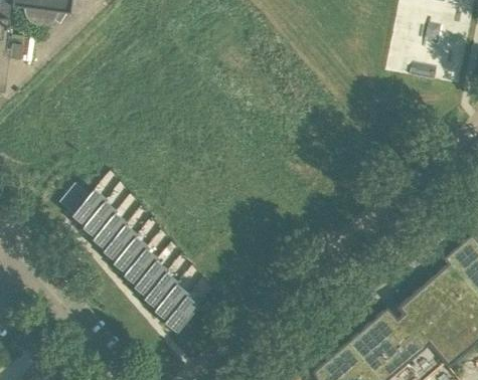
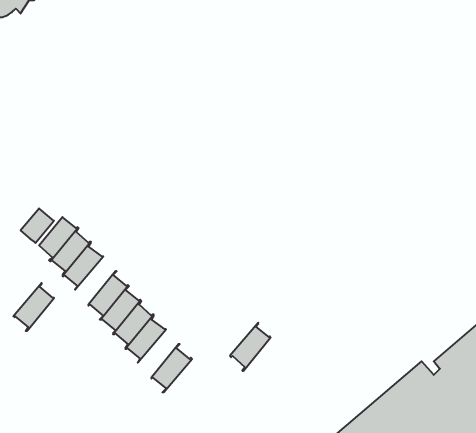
building: [105,222,138,261] -> [13,283,54,331]
building: [156,281,189,321] -> [230,323,271,371]

